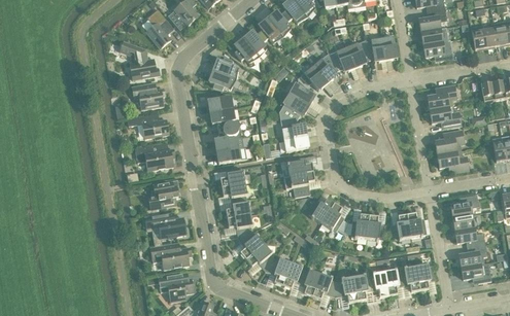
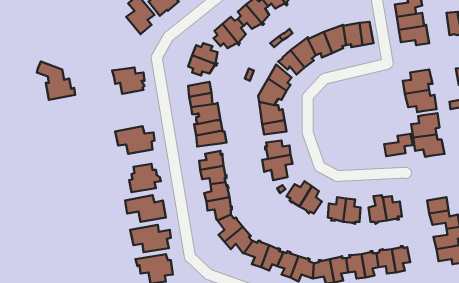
building: [120,39,159,78] -> [37,61,75,100]
building: [127,113,168,137] -> none
building: [449,194,478,216] -> [384,134,413,156]

